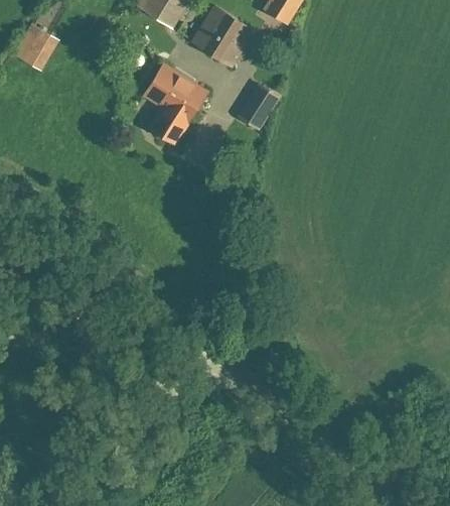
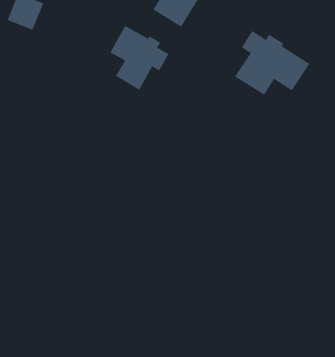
building: none -> [234,30,310,96]
building: [238,86,276,128] -> none

